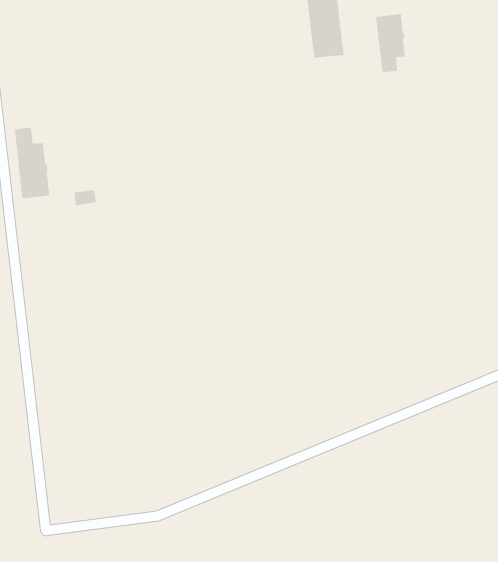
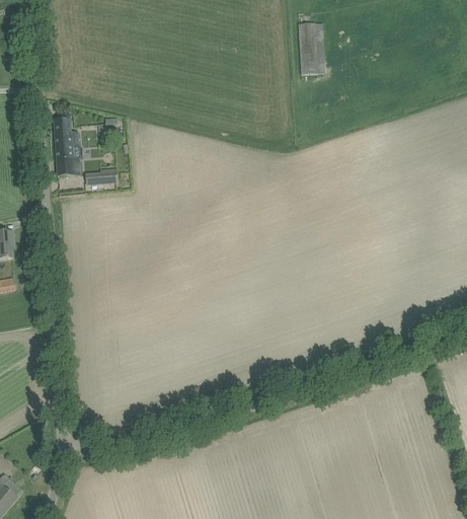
building: [376,13,406,73] -> none

